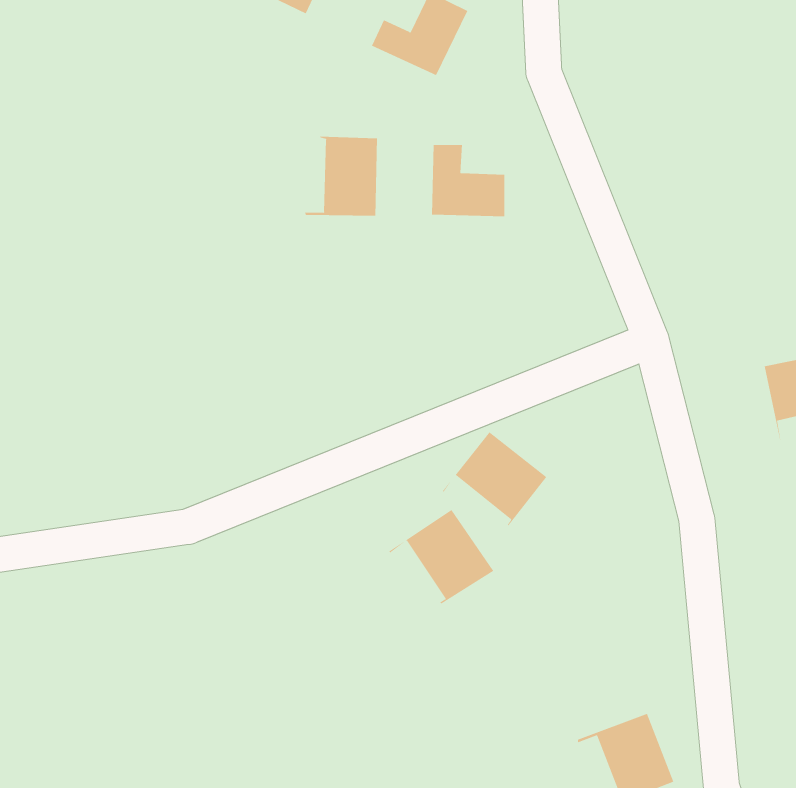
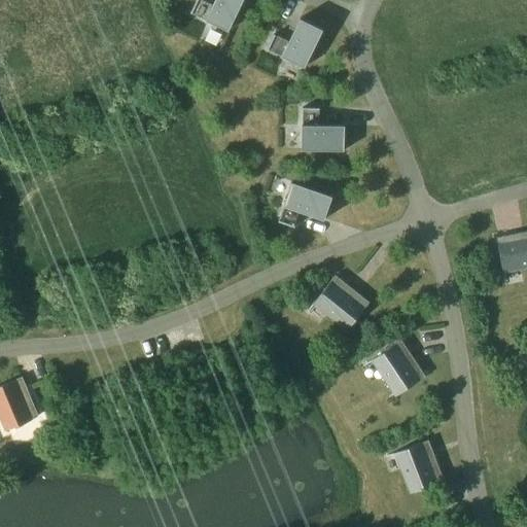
building: [304,136,378,217] -> none
building: none -> [279,182,332,227]
building: [389,509,494,604] -> [364,341,426,396]

